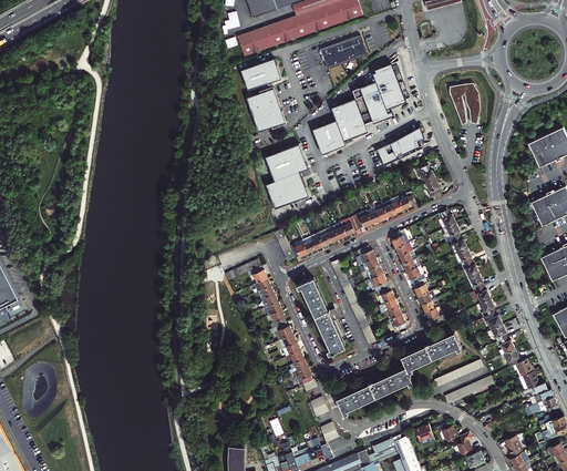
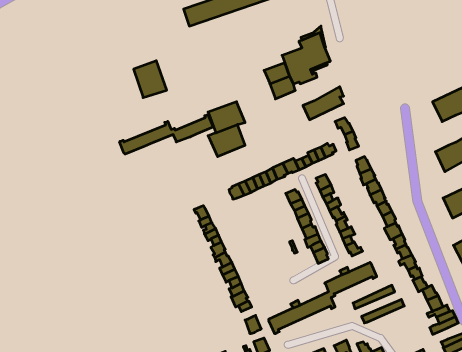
building: [321,35,367,70] -> none
building: [244,60,284,91] -> none
building: [449,84,480,125] -> none
building: [249,89,288,132] -> [134,61,167,98]
building: [312,120,346,154] -> none
building: none -> [120,115,213,154]
building: [297,279,346,357] -> none

